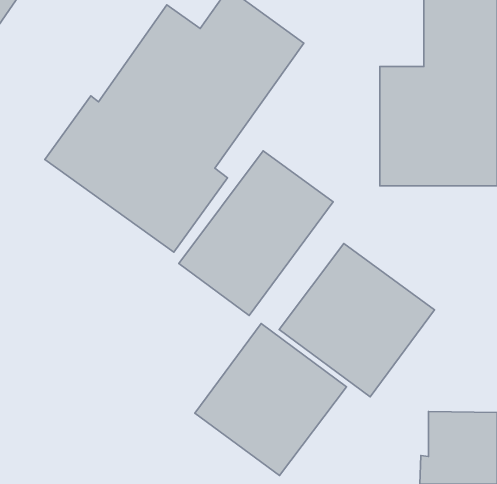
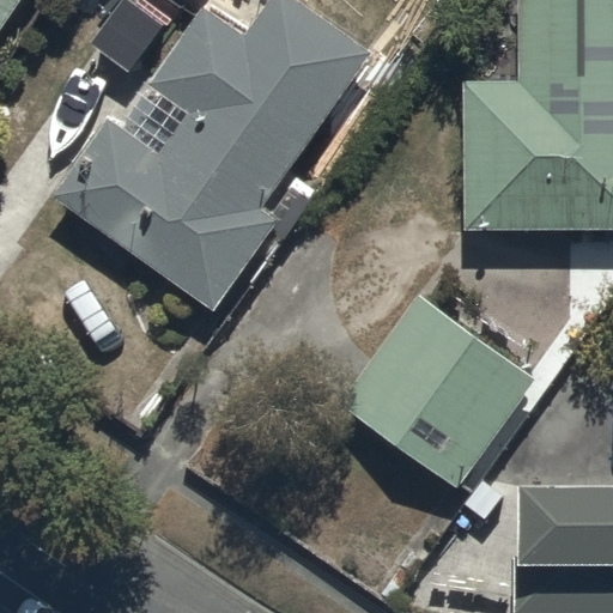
building: [179,151,333,316] -> none
building: [195,324,346,476] -> none

